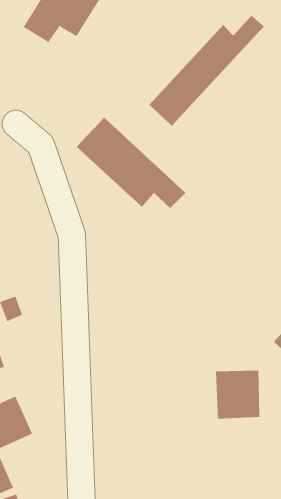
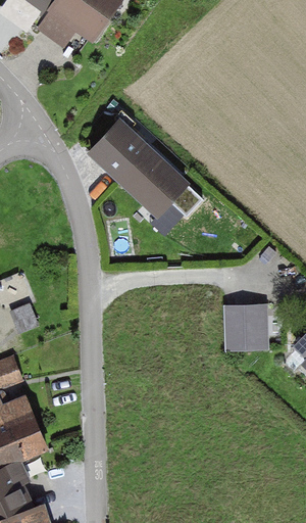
building: [148,15,265,126] -> none
building: [215,370,260,419] -> [222,302,268,352]

